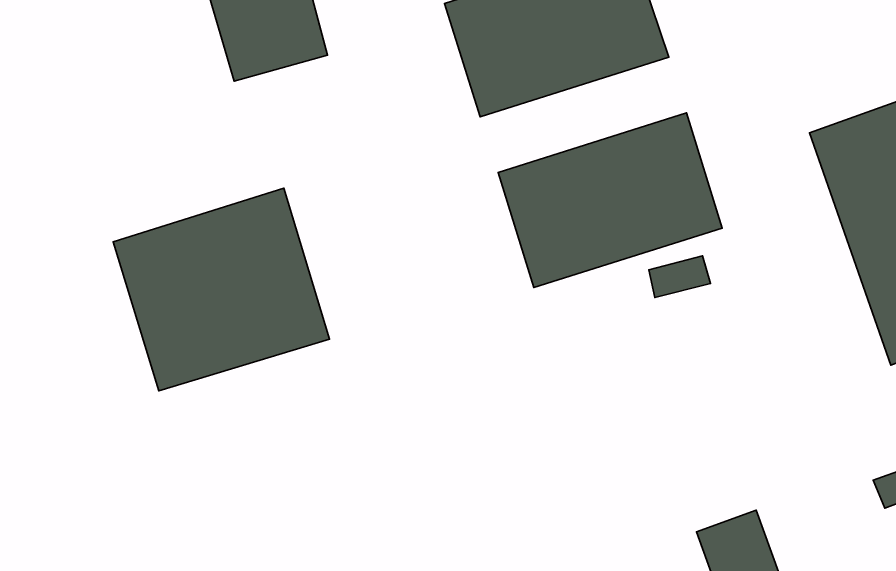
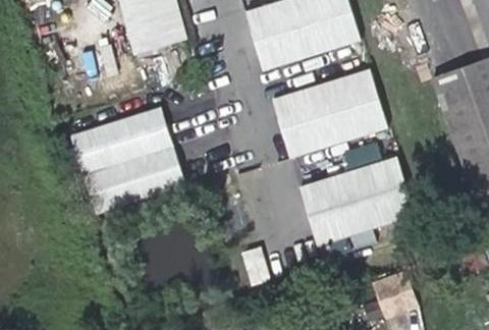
building: none -> [300,157,415,245]

